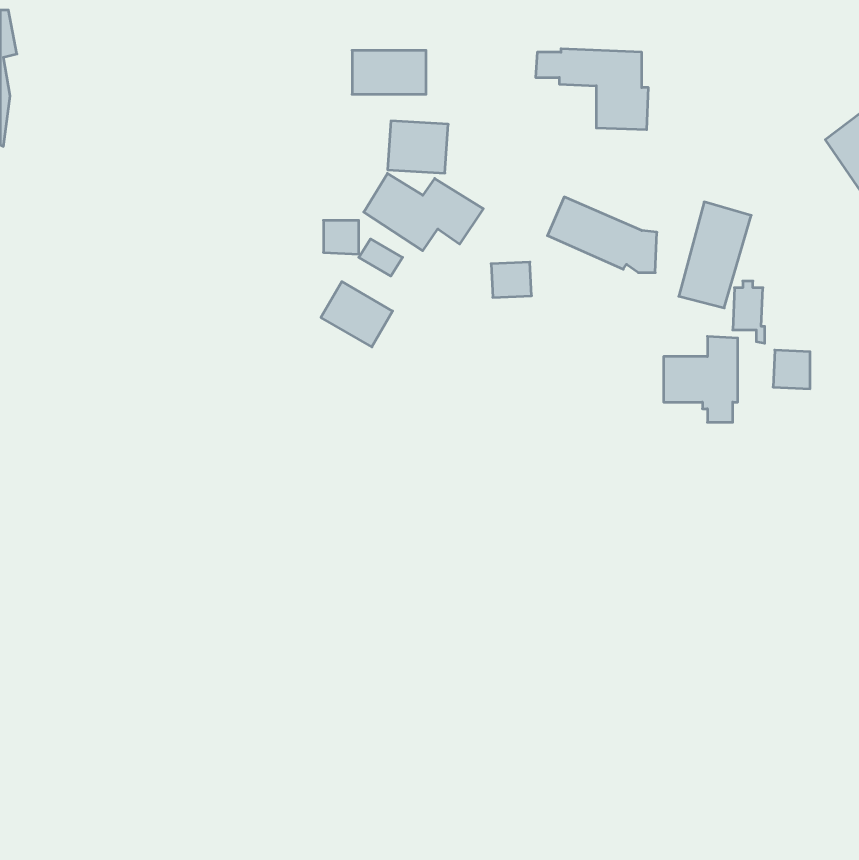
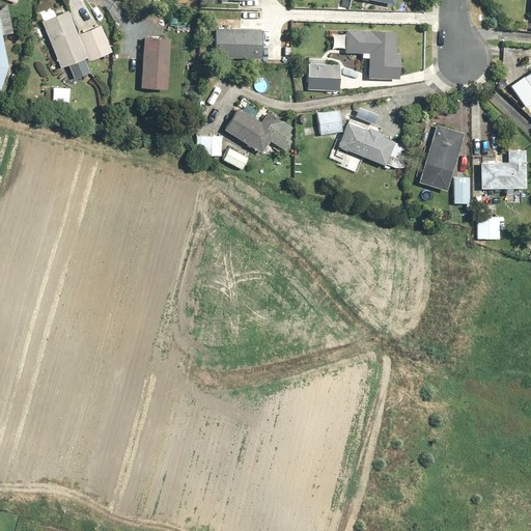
building: none -> [40,9,112,79]
building: none -> [141,36,171,90]
building: [388,121,448,173] -> [307,59,344,91]
building: [491,262,532,297] -> [317,112,342,134]
building: [321,282,393,347] -> none
building: [664,336,738,422] -> [480,149,526,202]

